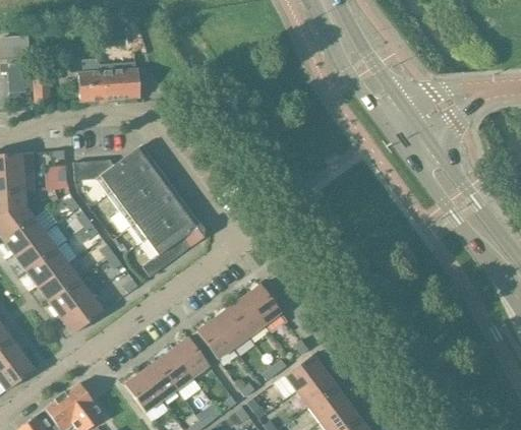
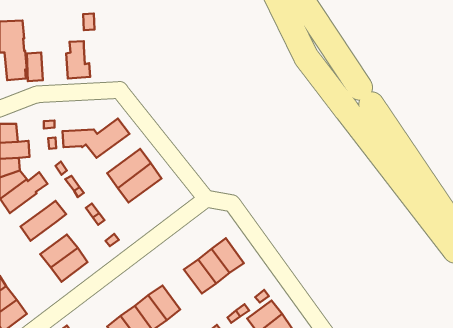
building: [99,63,140,100] -> none
building: [113,165,163,209] -> none
building: [142,216,200,277] -> none
building: [14,233,57,270] -> none
building: [38,264,79,302] -> none
building: [196,319,233,359] -> none

